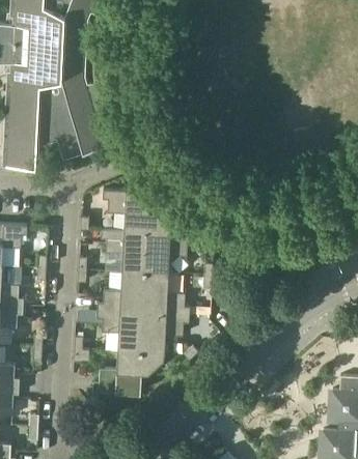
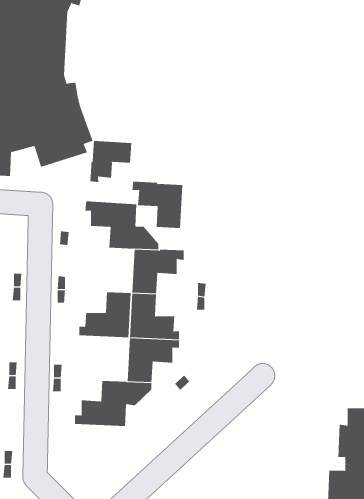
building: none -> [90,140,132,183]
building: [101,230,147,272] -> [131,181,183,228]
building: [98,311,143,352] -> none

